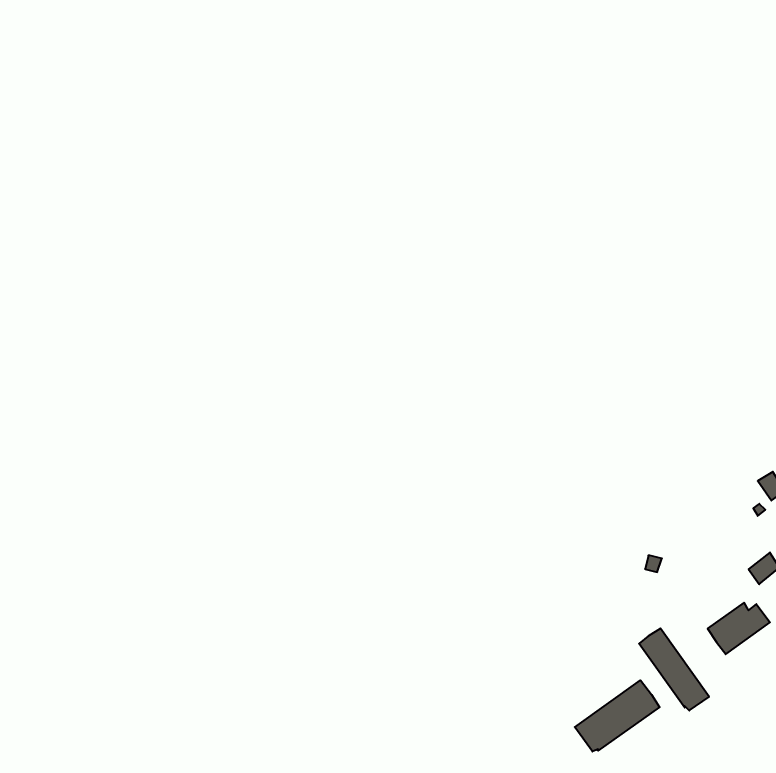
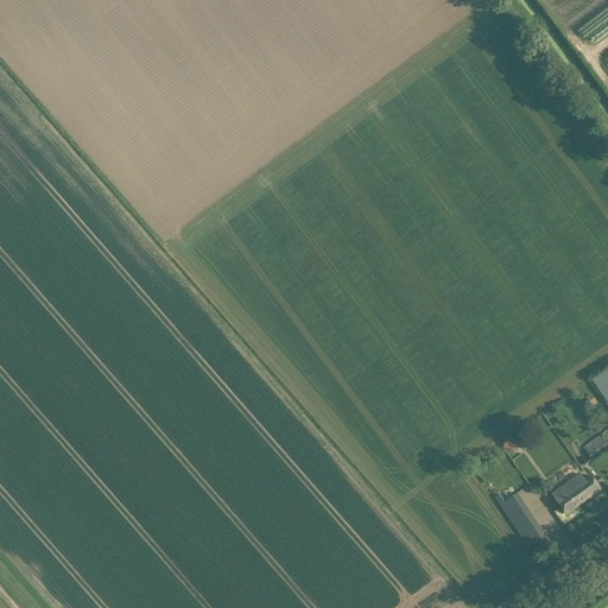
building: [575,680,660,752] -> none

